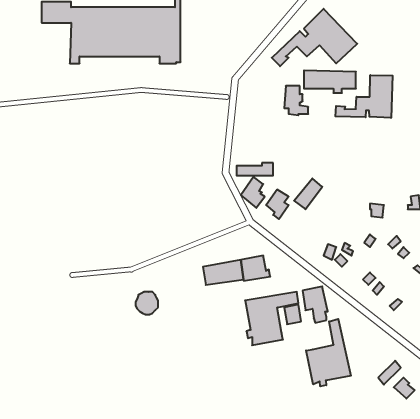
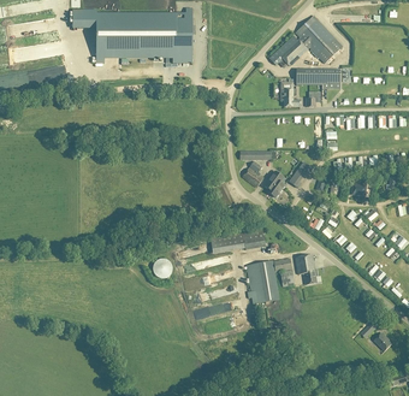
building: [335,75,393,118] -> none
building: [306,319,351,386] -> none

